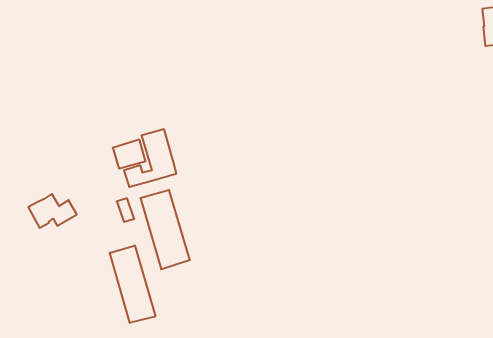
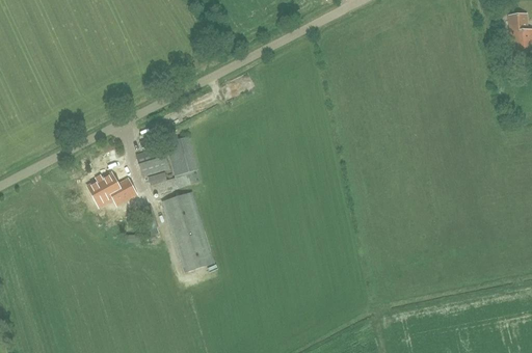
building: [28,194,77,228] -> [86,171,135,206]
building: [110,245,155,323] -> none

